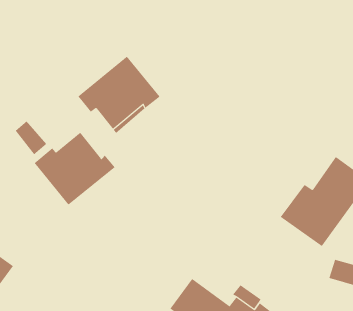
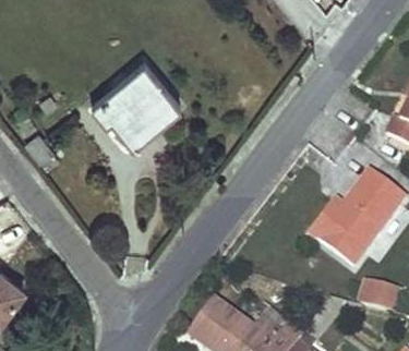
building: [34,132,116,206] -> none

